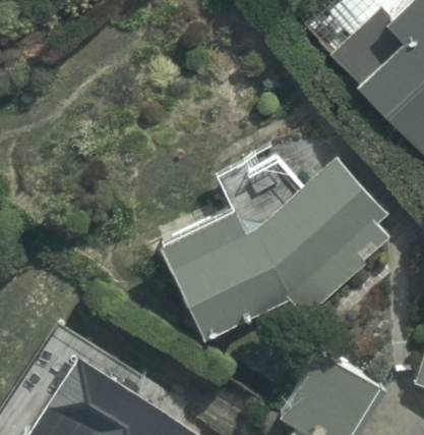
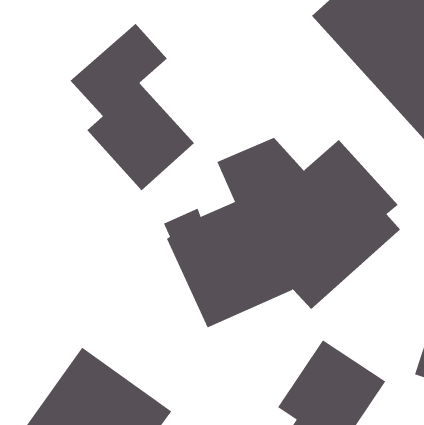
building: none -> [70,23,195,191]

